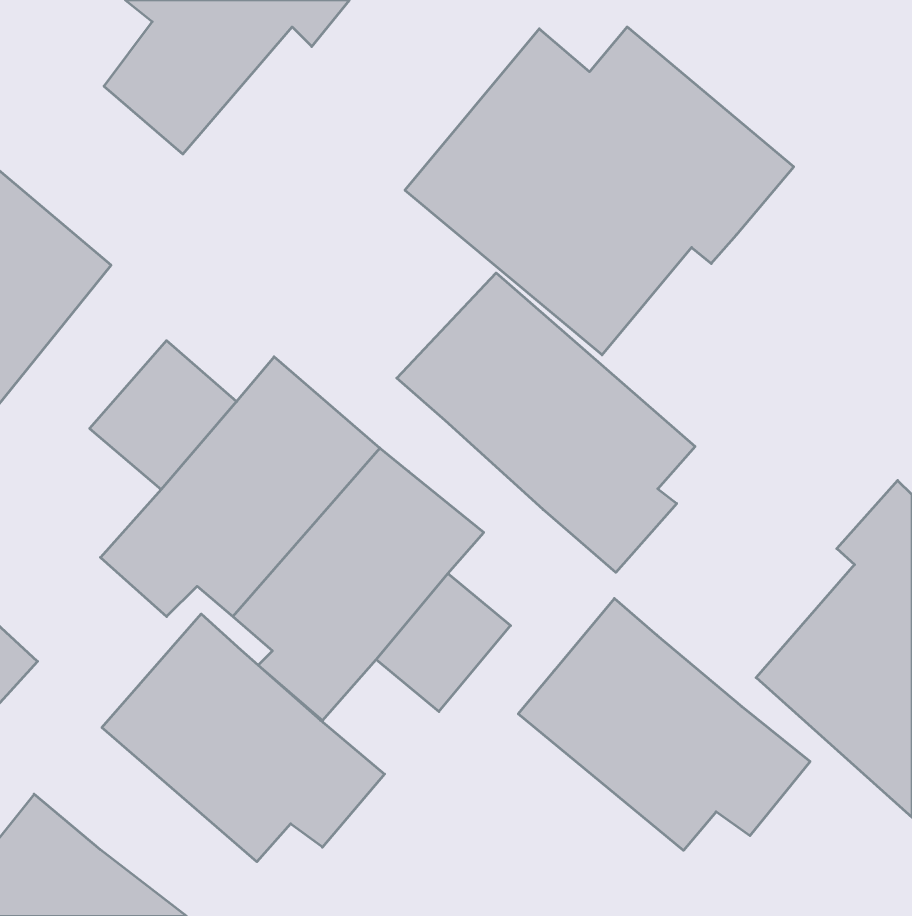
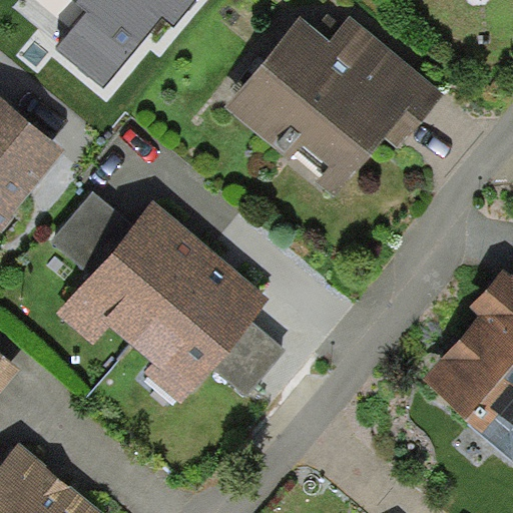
building: [397,273,695,572] -> none
building: [518,598,810,850] -> none
building: [102,614,385,862] -> none

